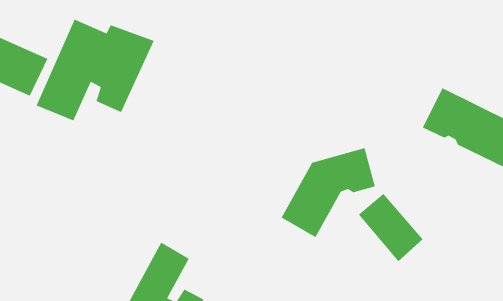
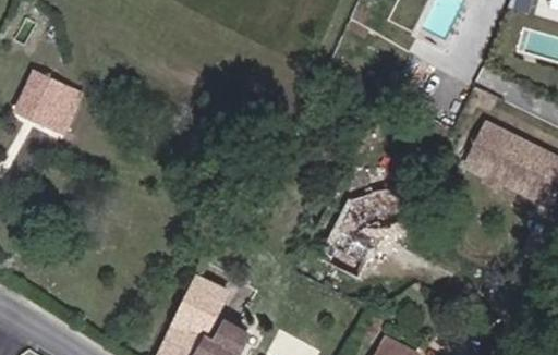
building: [35,19,155,121] -> none
building: [358,193,423,262] -> none

